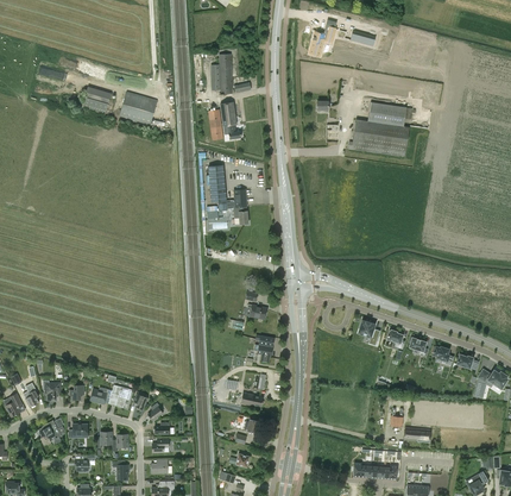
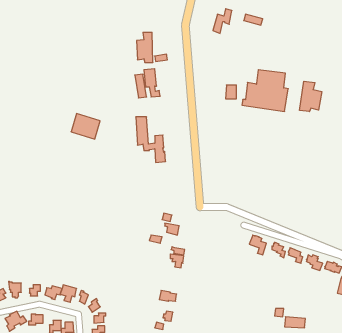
building: [82,87,112,115] -> none
building: [119,92,157,125] -> [71,114,100,139]
building: none -> [300,81,322,112]

